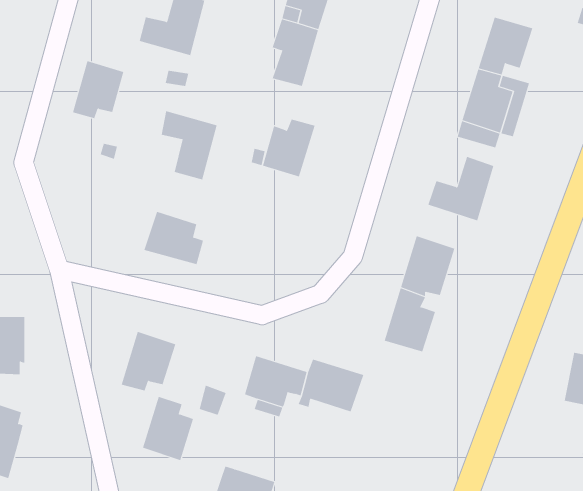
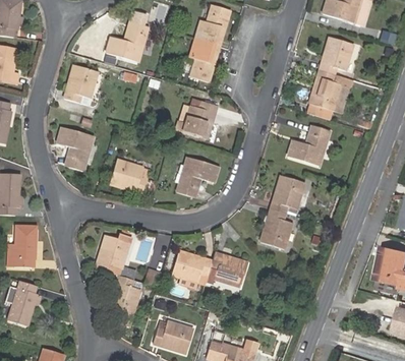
building: [161,110,218,180] -> [58,126,94,170]
building: none -> [177,157,220,196]

